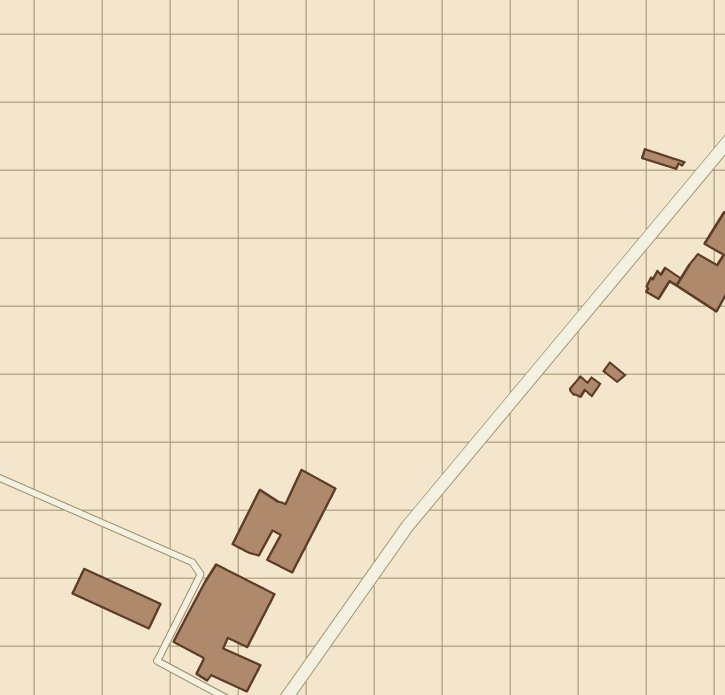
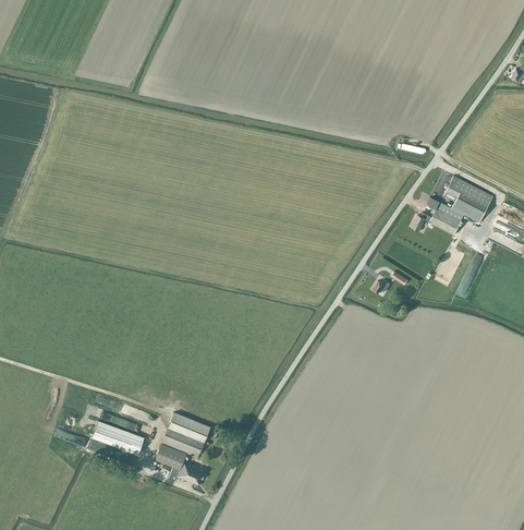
building: [233,470,336,573] -> none

